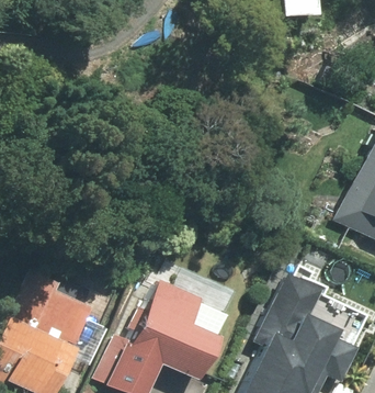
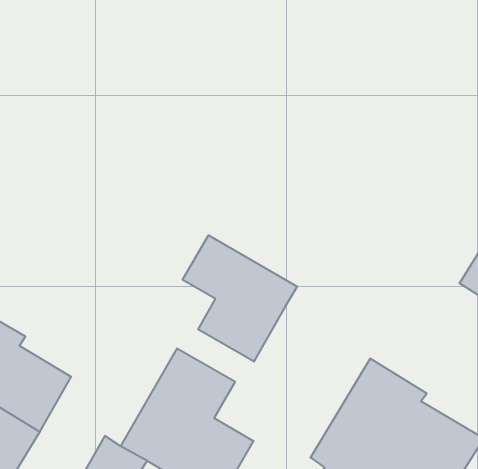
building: none -> [183,235,297,362]

